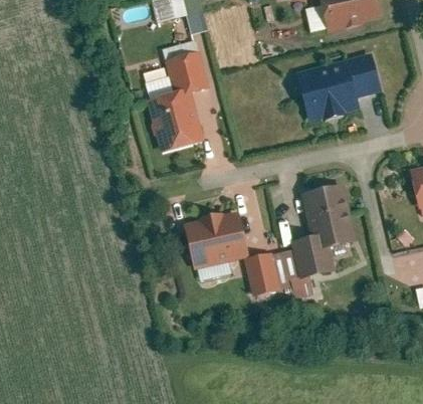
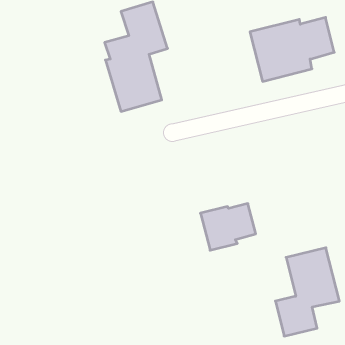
building: [292,186,359,277] -> [275,248,339,336]
building: [185,211,248,267] -> none

